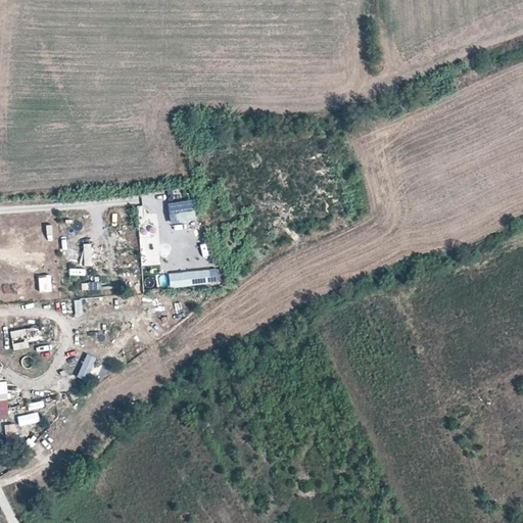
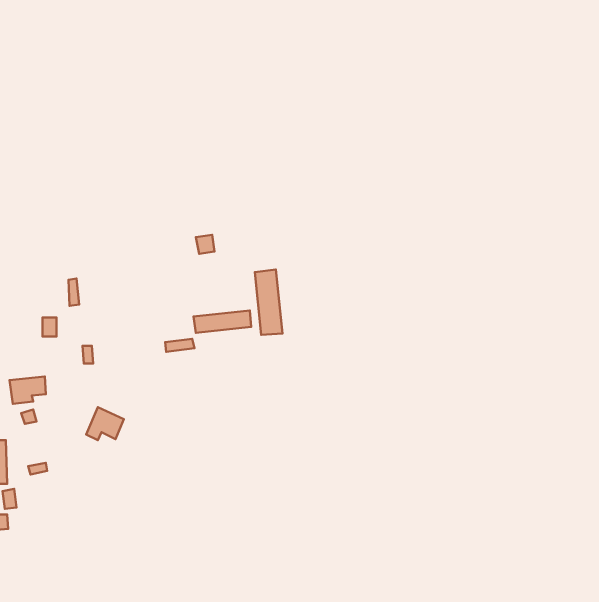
building: none -> [255,269,282,335]

